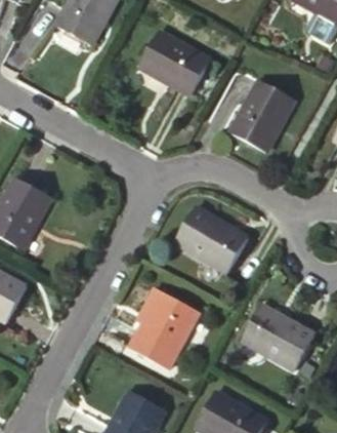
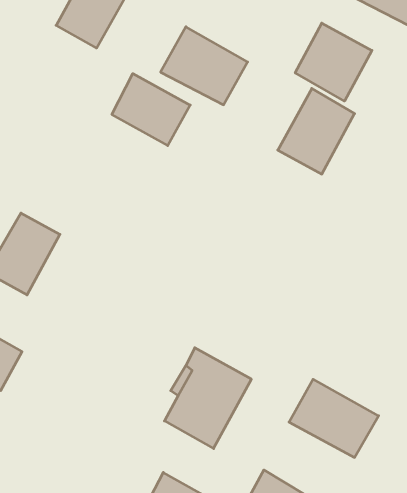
building: none -> [295,23,372,101]
building: none -> [112,74,190,146]
building: [176,210,247,270] -> none

